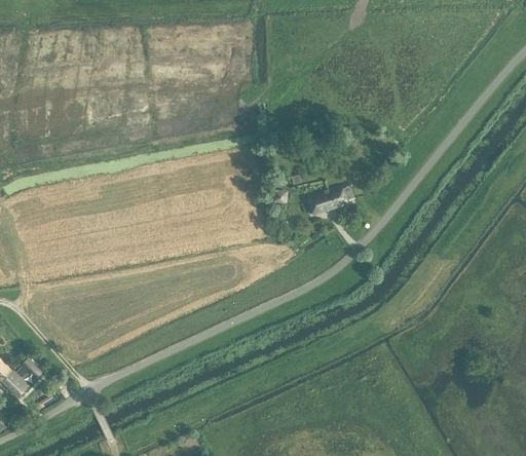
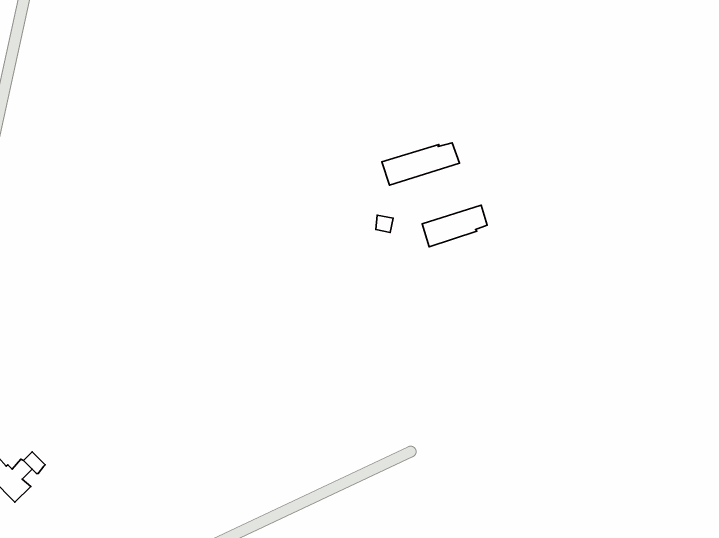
building: none -> [382,143,459,185]

